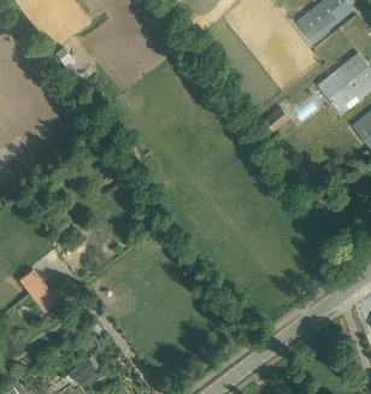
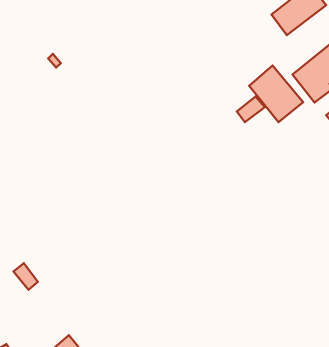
building: none -> [249,66,303,122]

